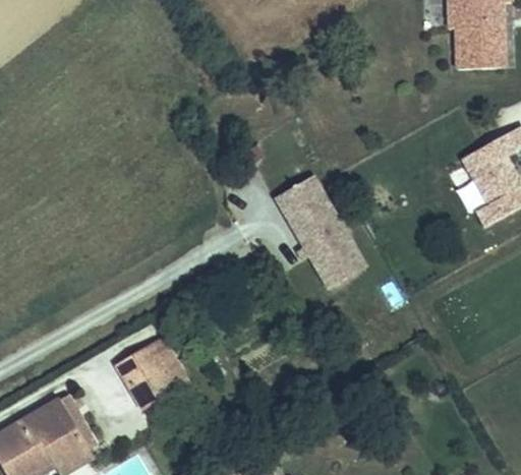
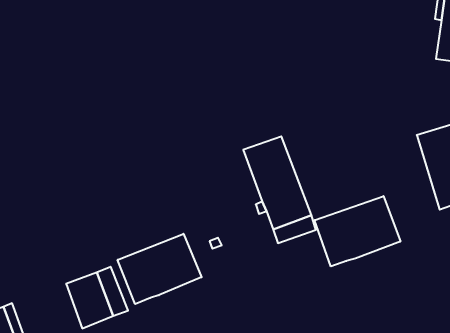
building: none -> [315,196,400,266]
building: none -> [118,234,202,304]

